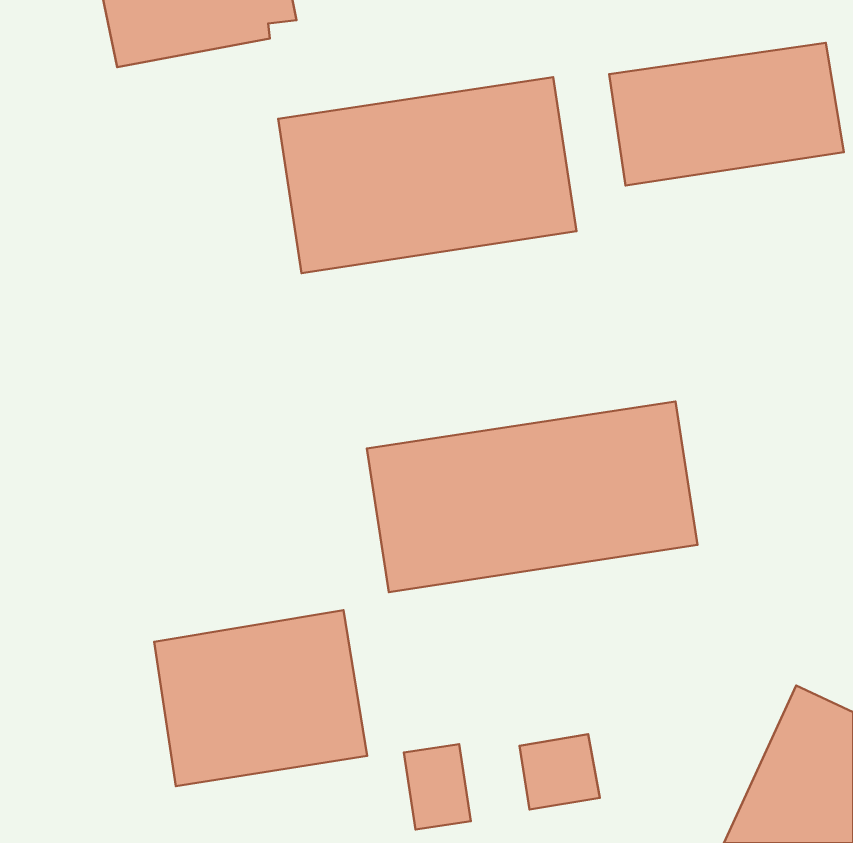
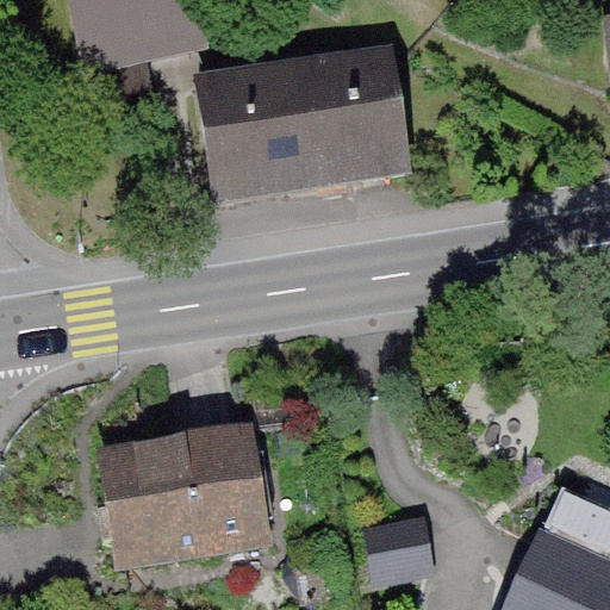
building: [609,43,844,186] -> none
building: [367,402,697,592] -> none

